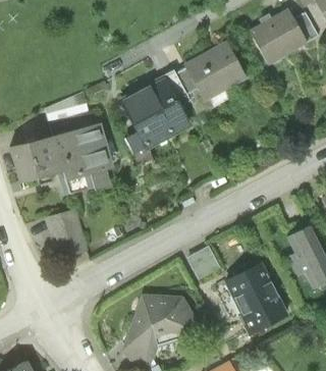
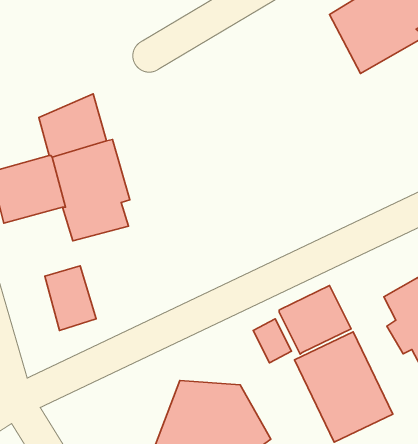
building: [182,49,250,111] -> none
building: [117,87,195,165] -> none
building: none -> [279,286,351,354]

